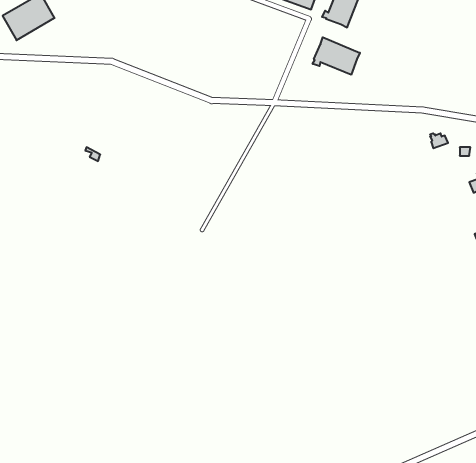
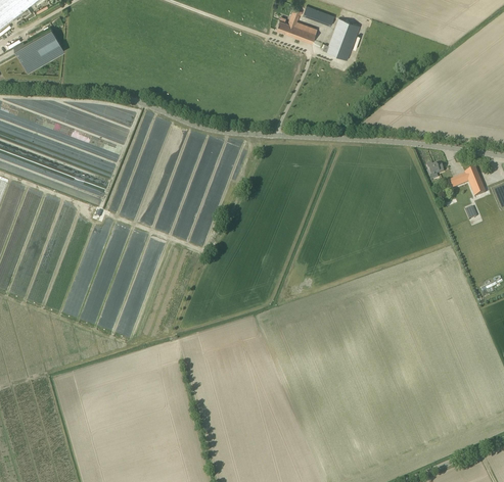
building: [313,37,360,75] -> none

